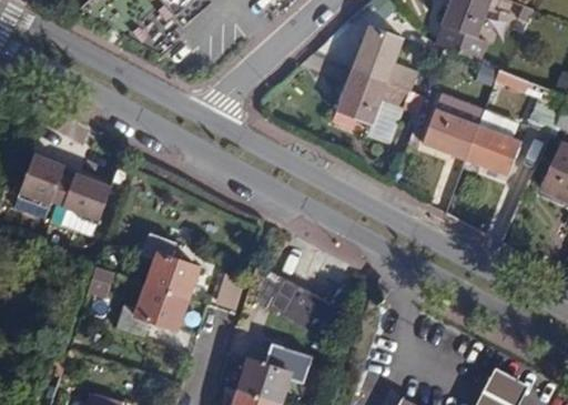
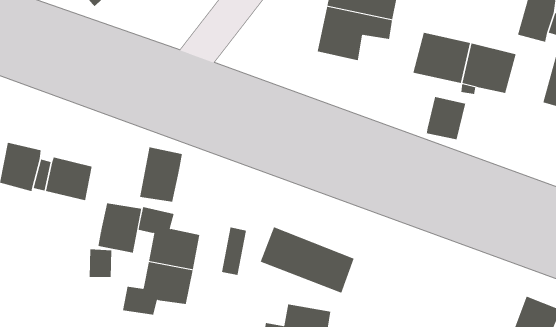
building: none -> [426,96,466,140]
building: none -> [139,147,183,203]
building: none -> [98,202,142,254]

